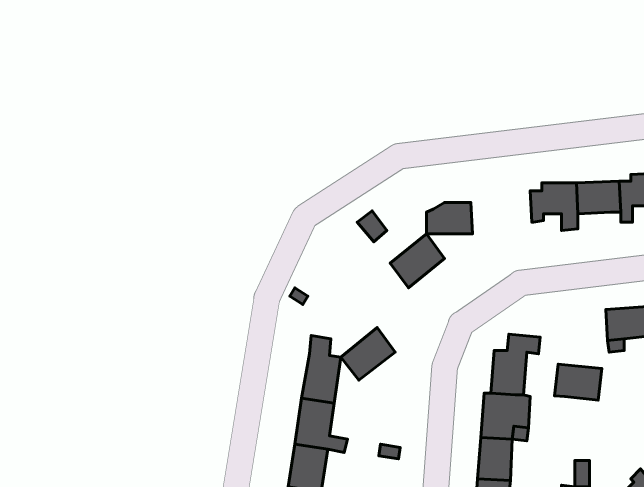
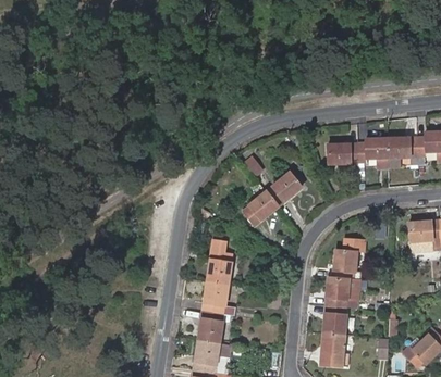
building: [426,202,473,234] -> [329,143,359,164]
building: [341,327,395,380] -> [242,191,278,226]
building: [555,364,602,400] -> none

